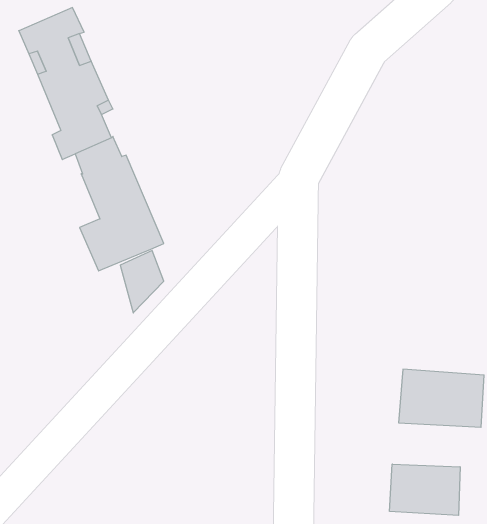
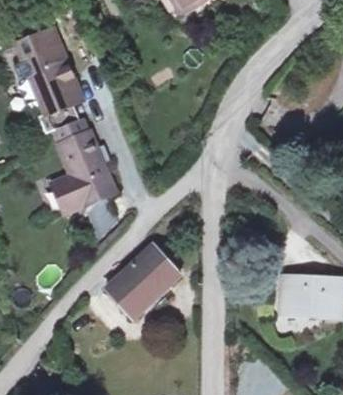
building: none -> [105,246,177,318]
building: [390,464,460,515] -> none

